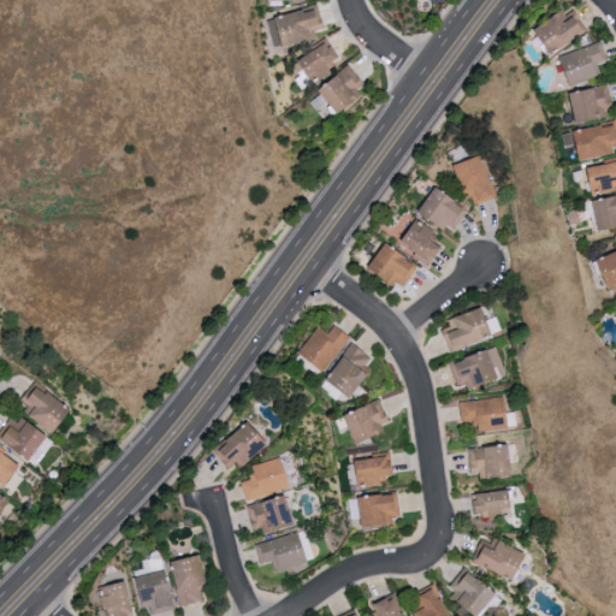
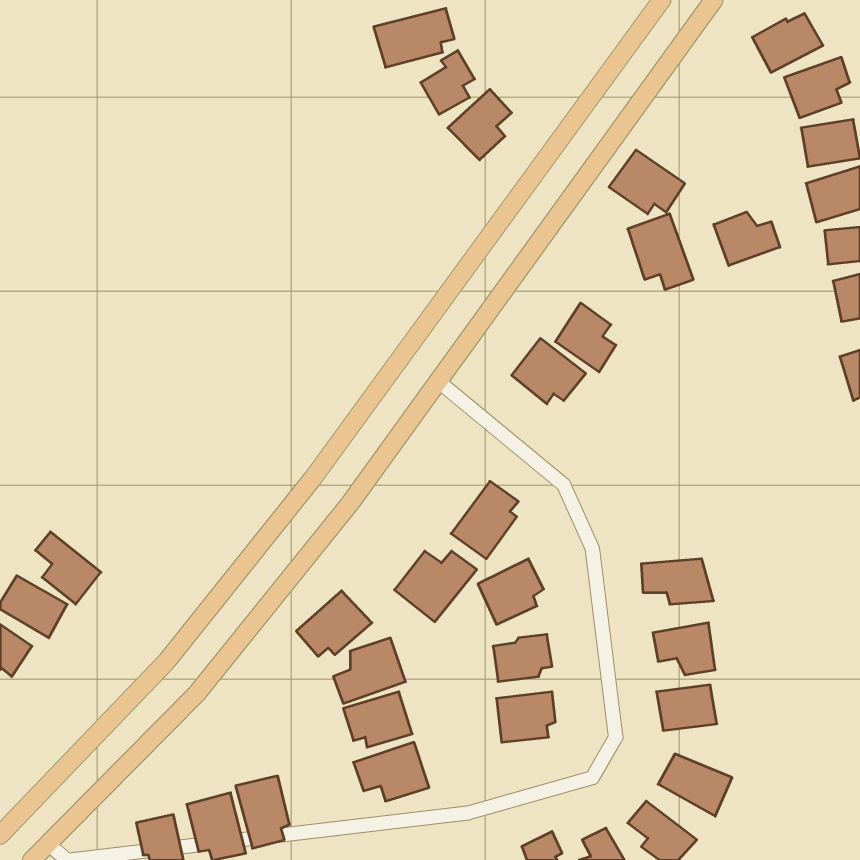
building: none -> [714,212,780,266]
building: [415,185,469,231] -> [609,150,685,214]
building: [439,307,493,354] -> none
building: [294,326,353,377] -> [394,551,477,622]
building: [448,349,497,391] -> none

